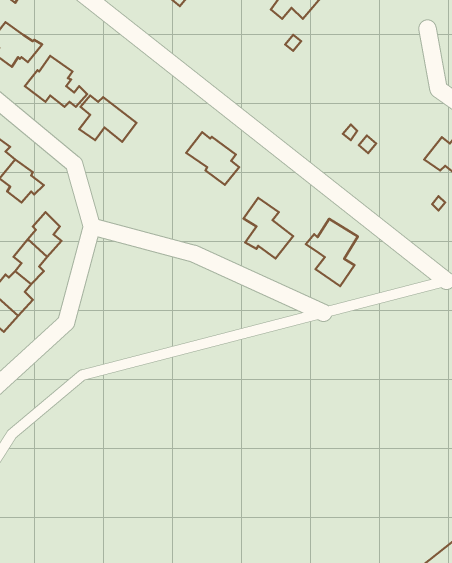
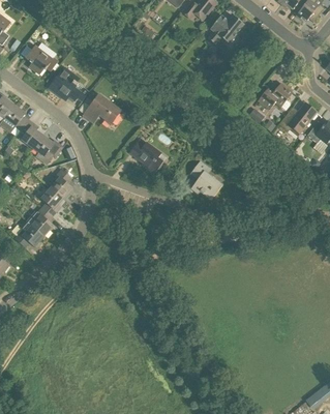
building: none -> [258,83,292,110]
building: none -> [279,101,317,136]
building: [186,132,239,185] -> [128,139,162,173]
building: [306,219,358,286] -> none

